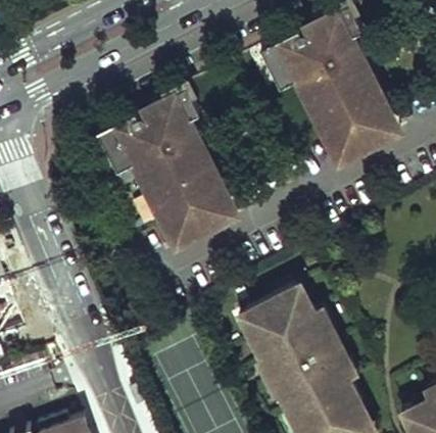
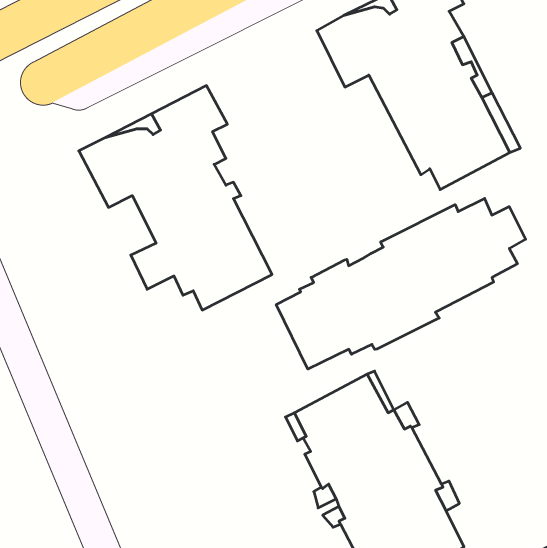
building: none -> [276,198,526,369]

